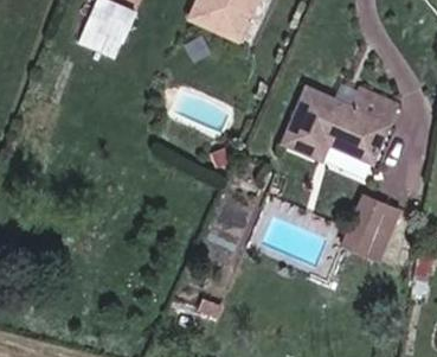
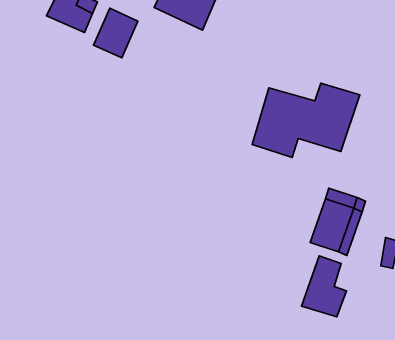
building: none -> [94,8,138,58]
building: none -> [301,256,347,317]

